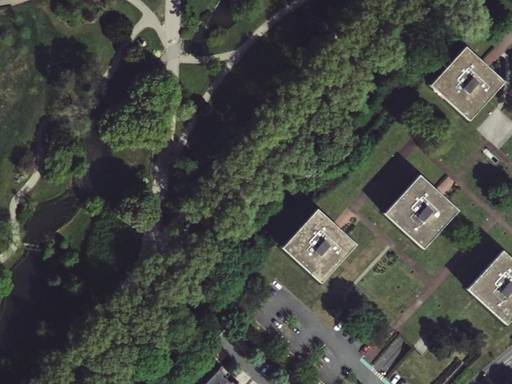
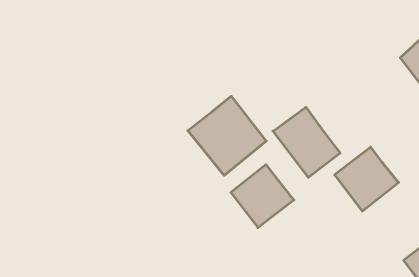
building: none -> [273,107,340,177]
building: none -> [188,96,266,175]

